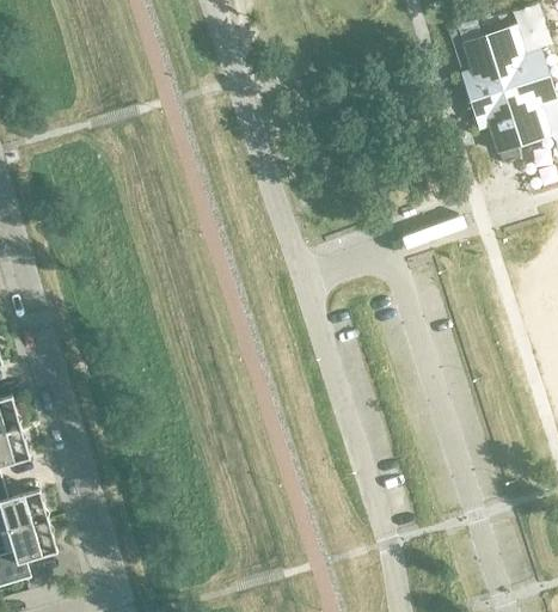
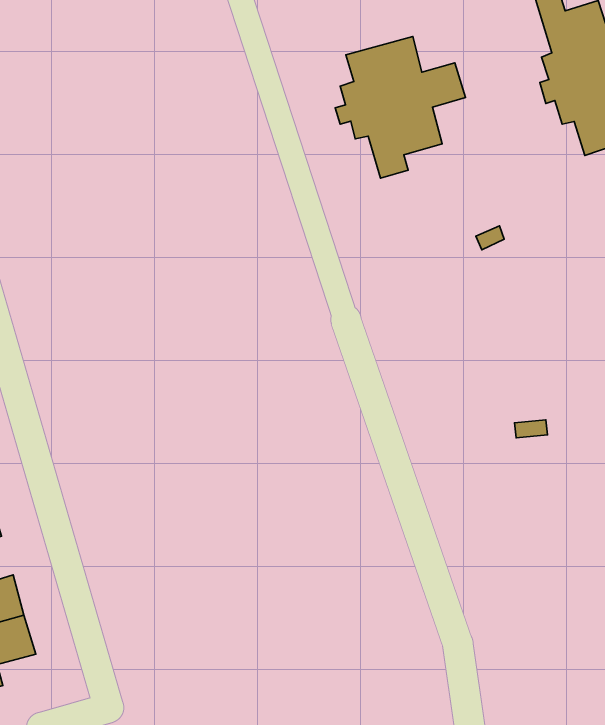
building: none -> [335,37,465,178]

